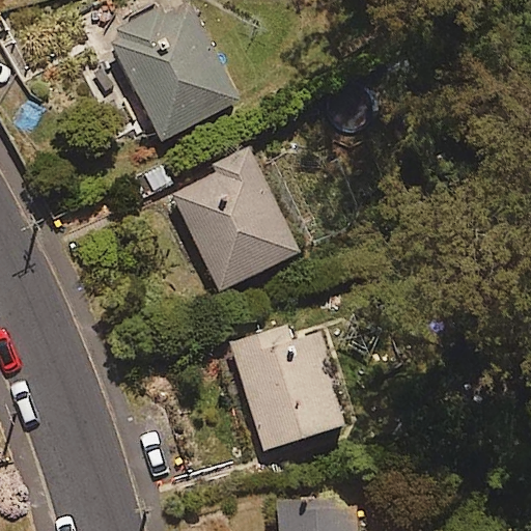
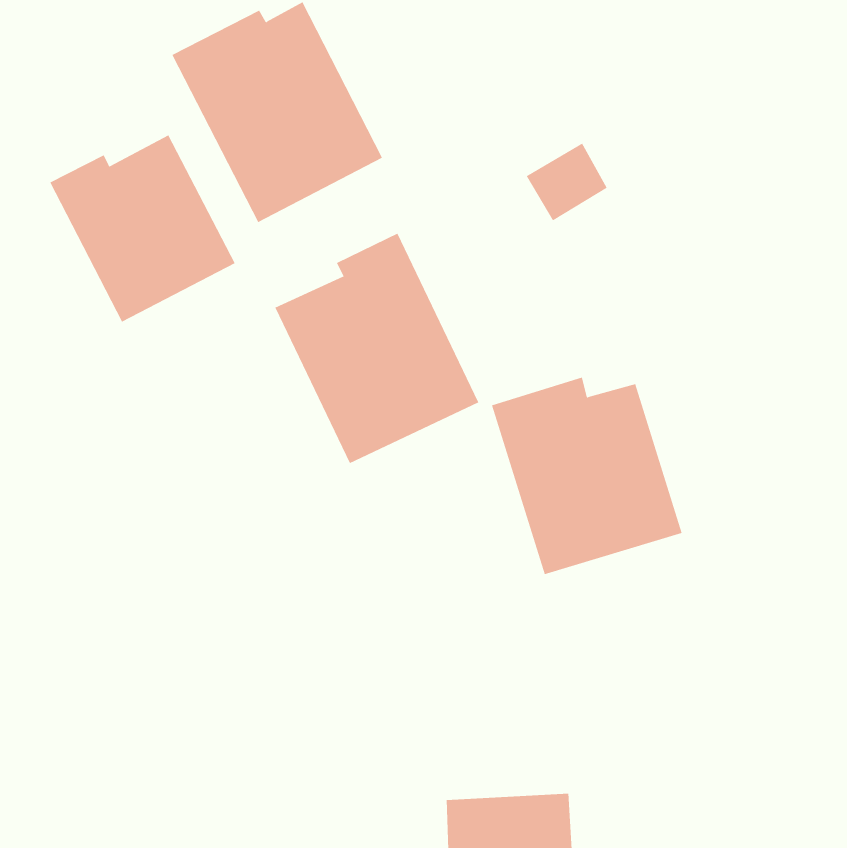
building: none -> [49,134,235,323]
building: [229,326,348,449] -> [491,377,682,575]

